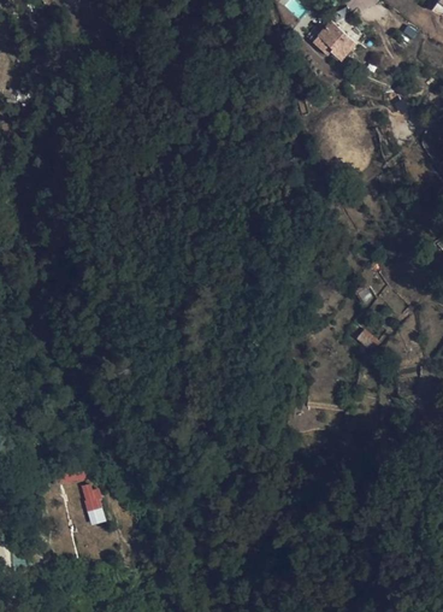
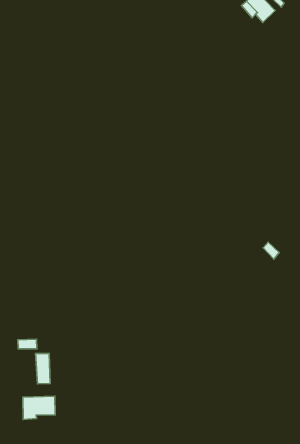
building: none -> [23,396,55,419]

